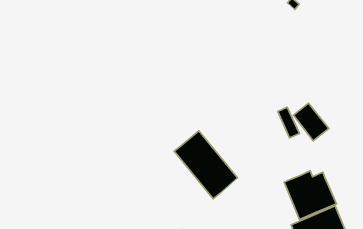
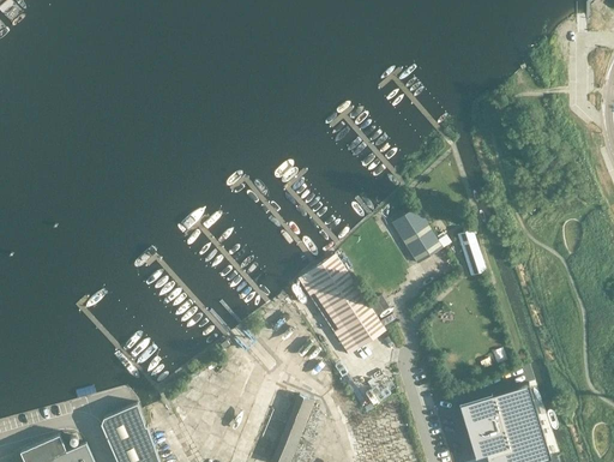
building: [294,103,329,141] -> [391,208,441,264]
building: [284,171,336,219] -> none

